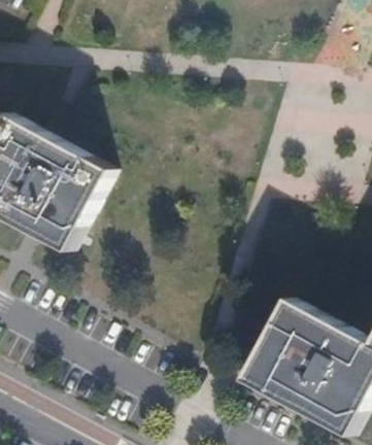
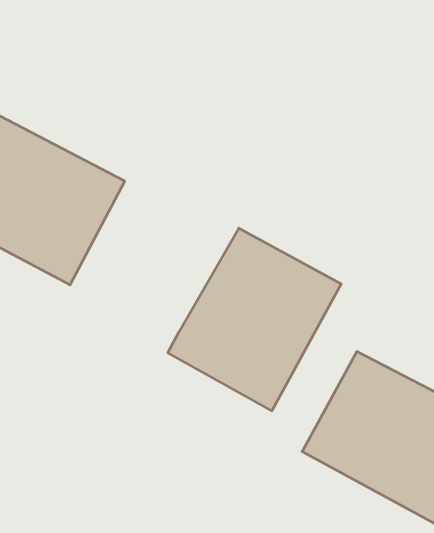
building: none -> [168,228,341,411]

